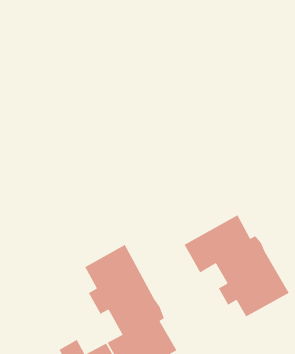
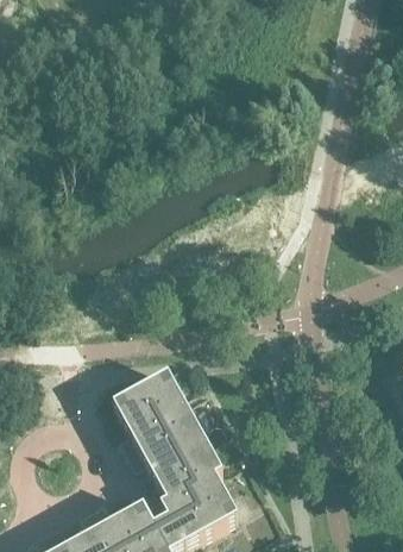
building: [184,214,290,318] -> none

